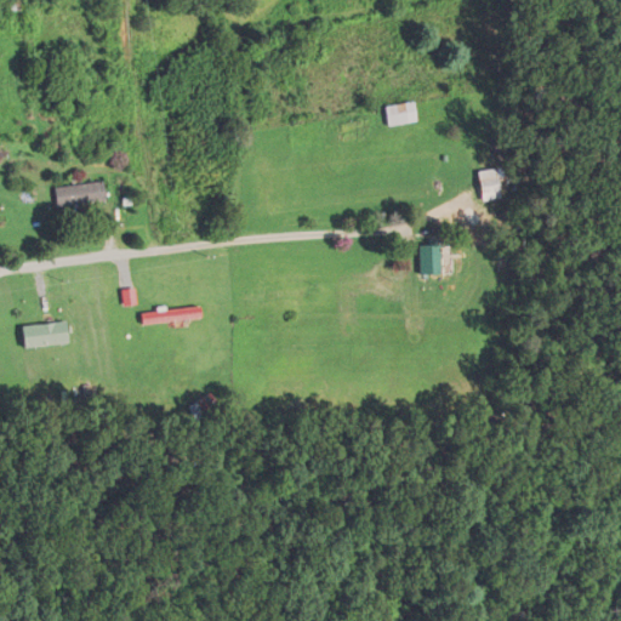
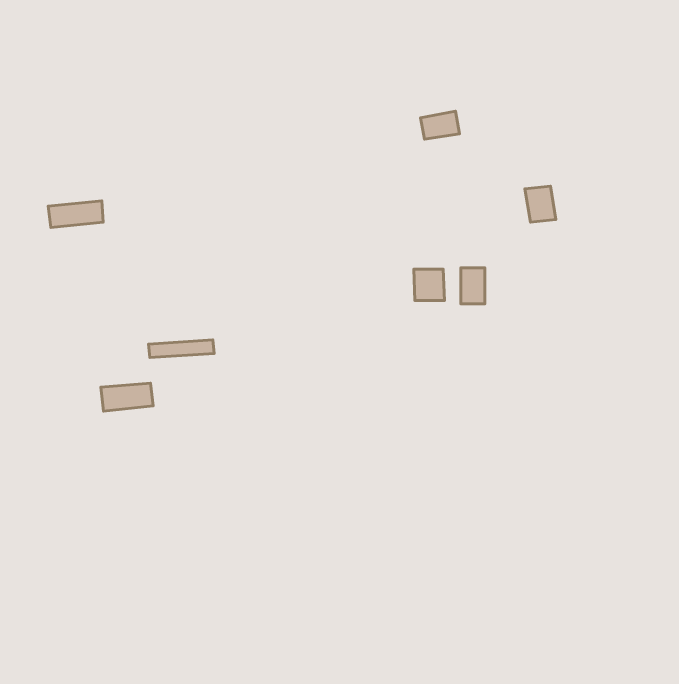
building: none -> [414,269,444,300]
building: [23,323,70,348] -> [101,383,153,411]

